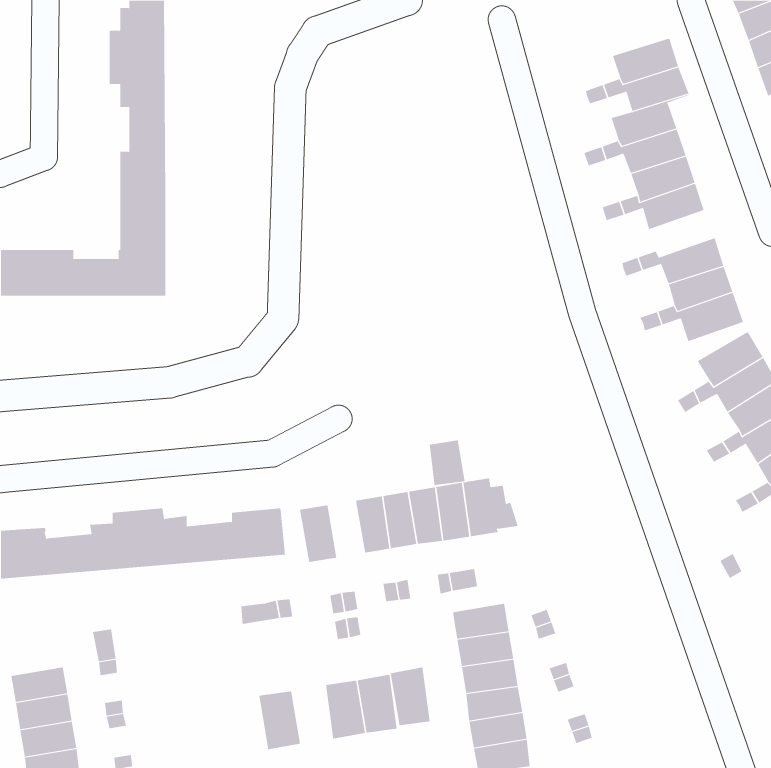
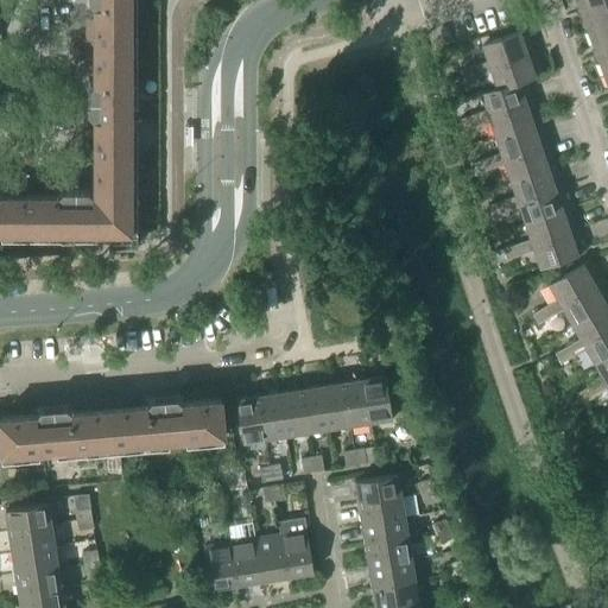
building: none -> [511,169,563,205]
building: [429,440,465,486] -> none
building: none -> [259,397,287,442]
building: none -> [6,506,51,534]
building: [390,667,431,726] -> [230,542,262,588]

